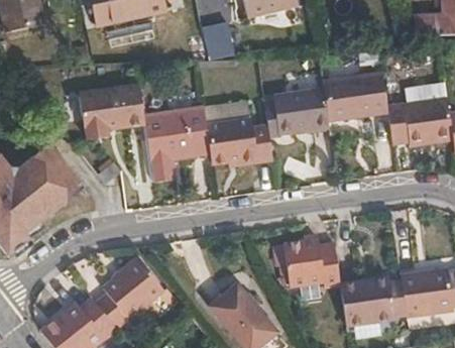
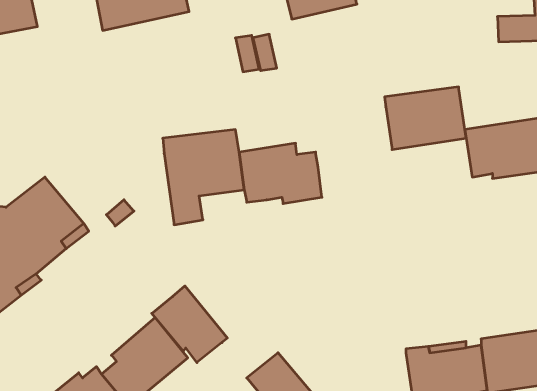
building: [79,84,145,140] -> none
building: [264,88,329,136] -> none
building: none -> [152,286,227,363]
building: [273,238,340,287] -> none

